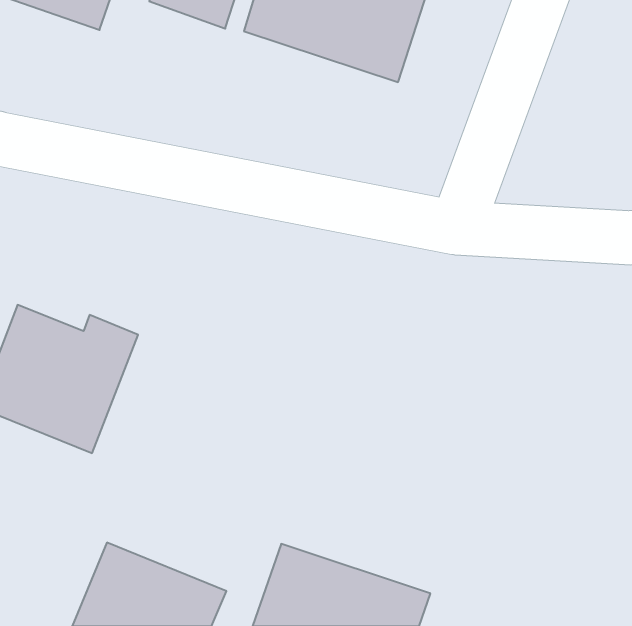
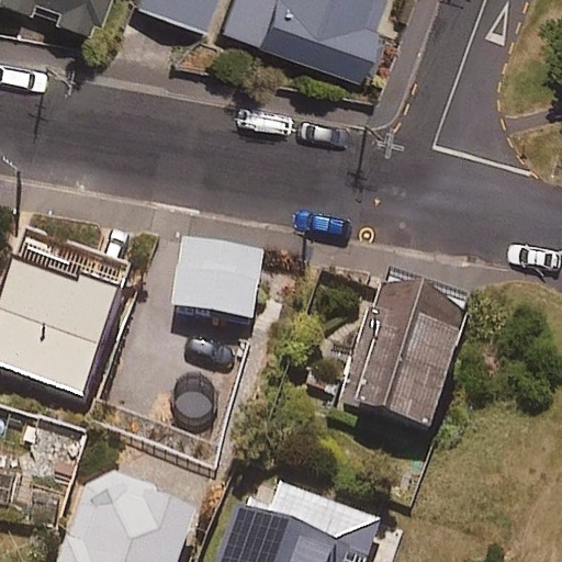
building: none -> [171,235,261,321]
building: none -> [337,277,464,438]

